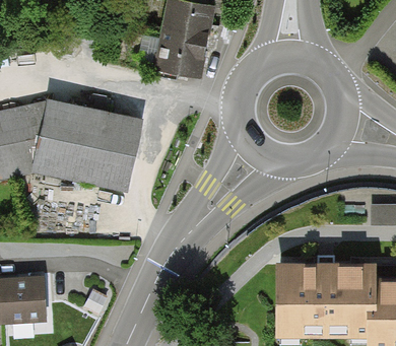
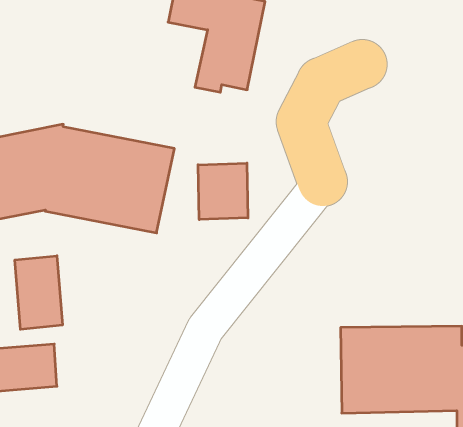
building: none -> [198,163,248,220]
building: none -> [15,256,62,329]

